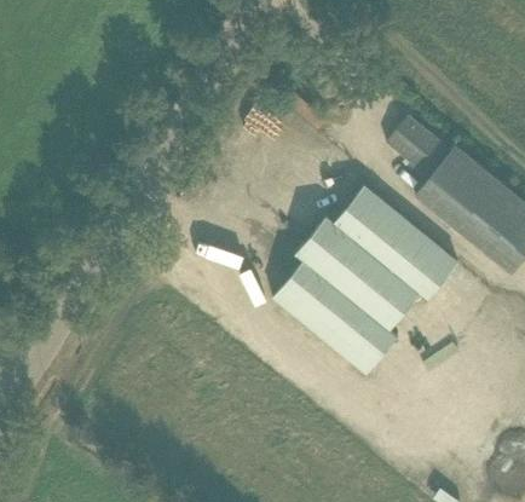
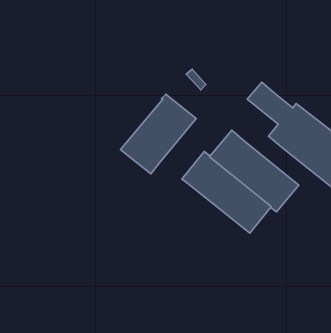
building: none -> [120,94,196,174]
building: [272,260,398,374] -> none

